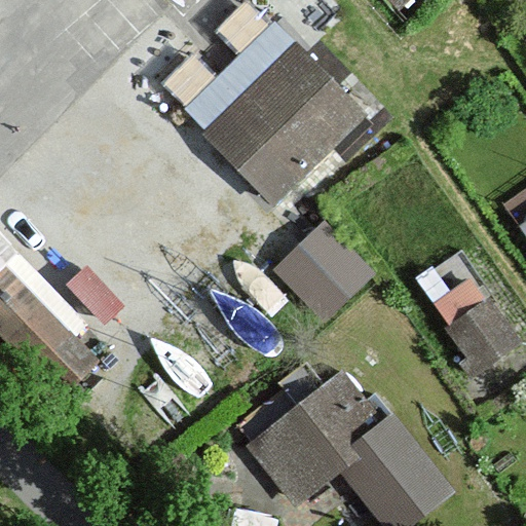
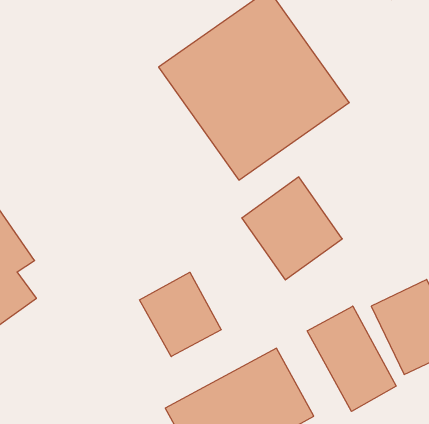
building: none -> [140,272,221,357]
building: none -> [307,306,396,411]

